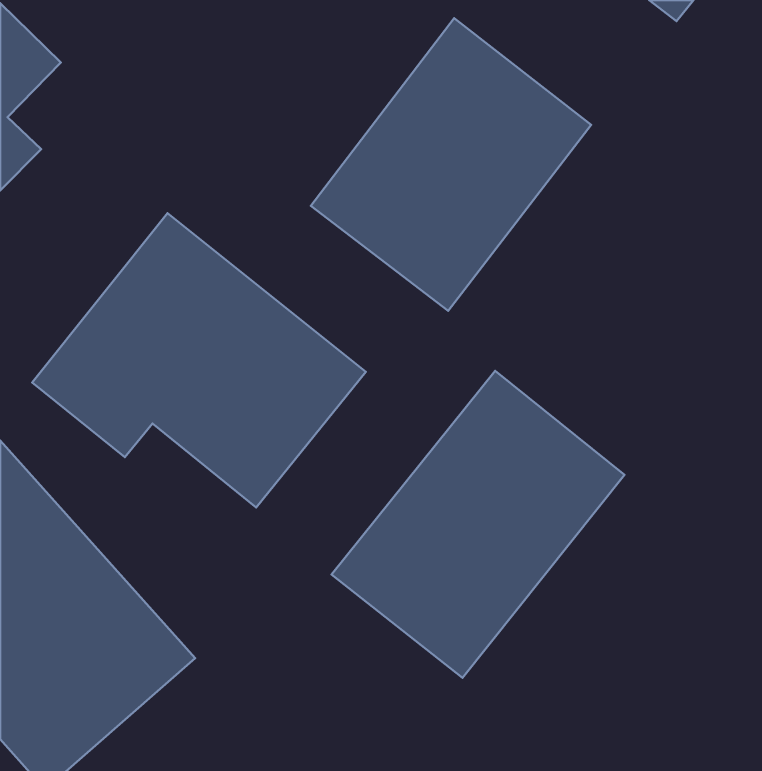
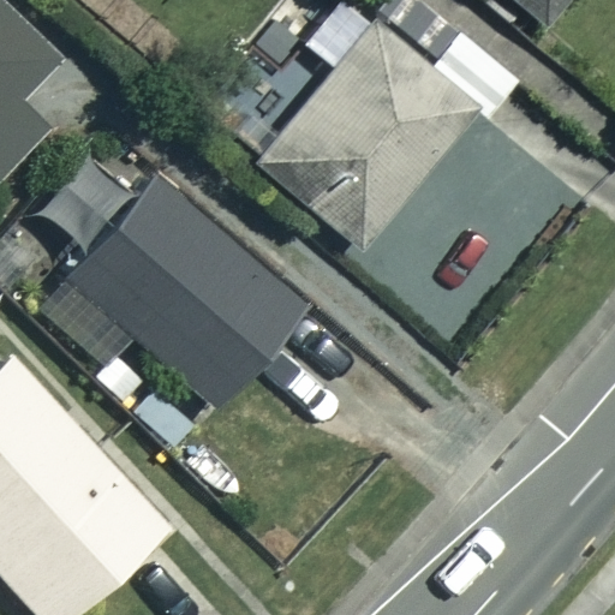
building: [331,371,625,678] -> none

